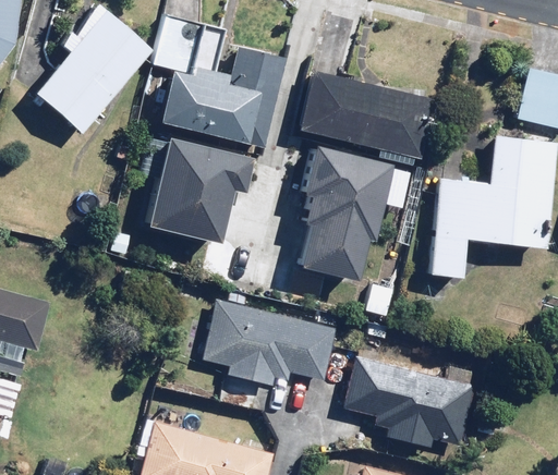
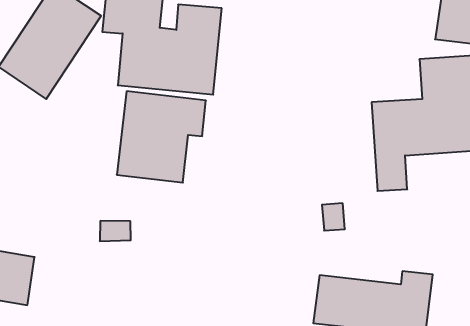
building: [298,69,439,159] -> none
building: [301,143,392,283] -> none
building: [202,299,338,389] -> none

